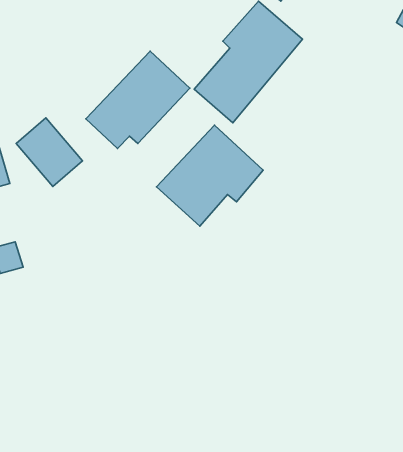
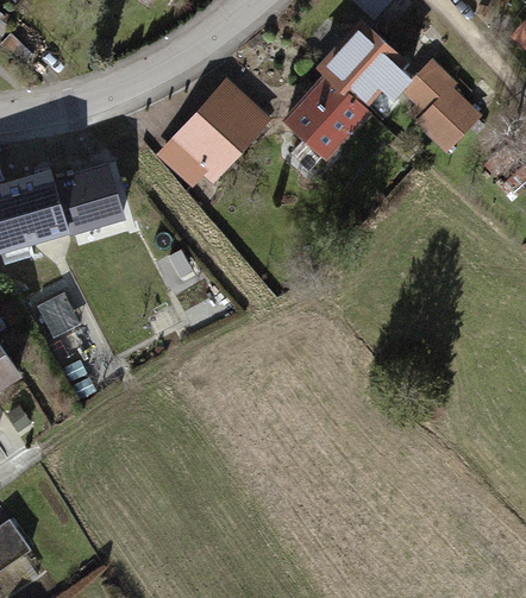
building: none -> [402,58,483,153]
building: [157,125,263,226] -> none

